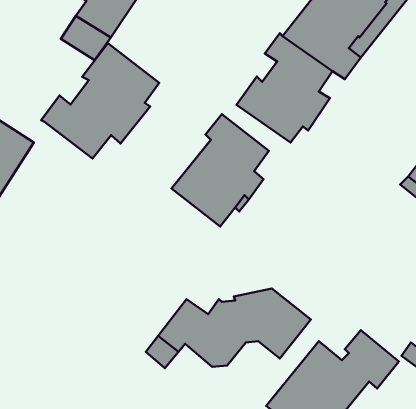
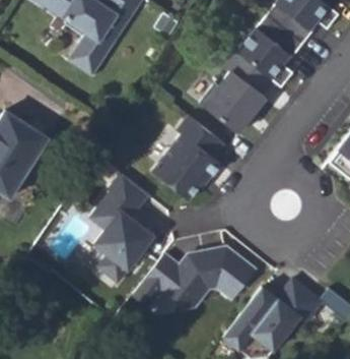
building: [41,43,159,158] -> none
building: none -> [90,174,147,282]

